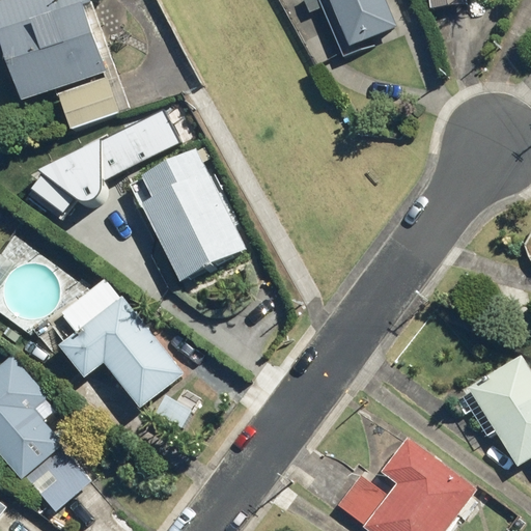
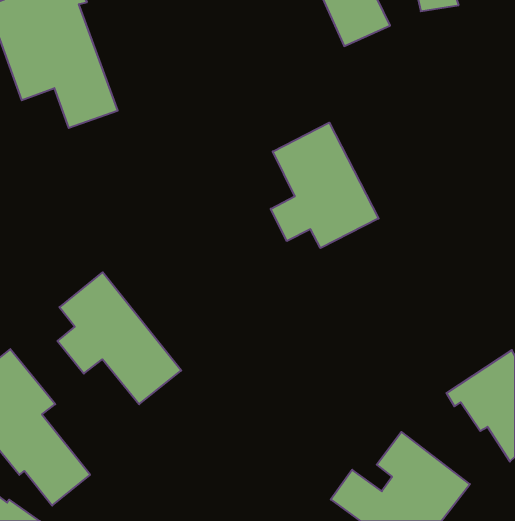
building: [38,106,176,200] -> none
building: none -> [271,123,379,248]
building: [140,148,247,283] -> none

